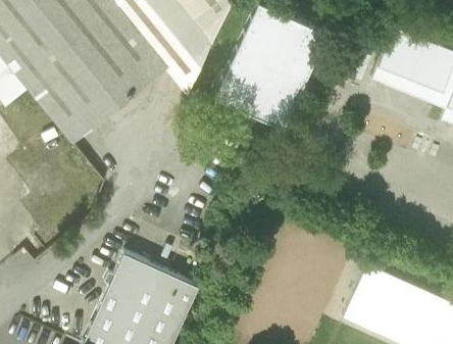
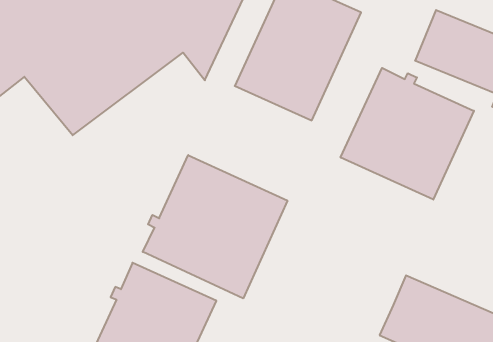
building: none -> [341,68,474,200]
building: none -> [143,155,287,298]

